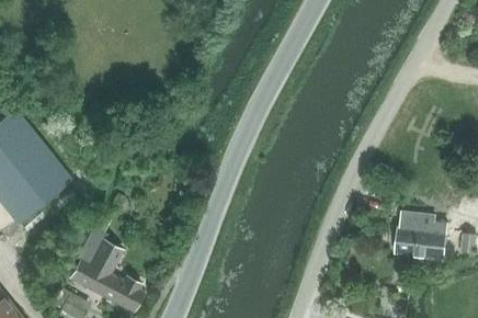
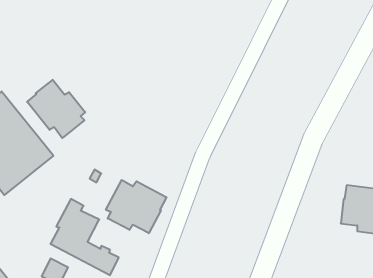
building: none -> [27,80,85,138]
building: none -> [106,180,166,233]

